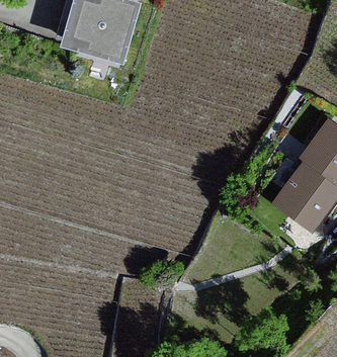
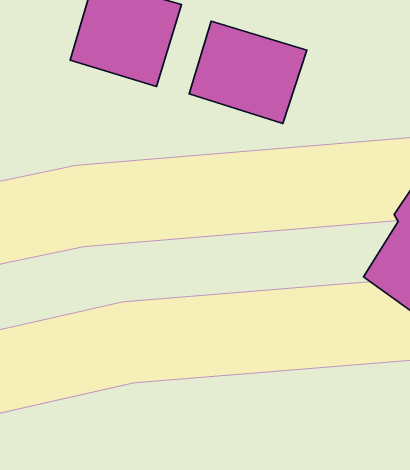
building: none -> [189,21,307,123]

